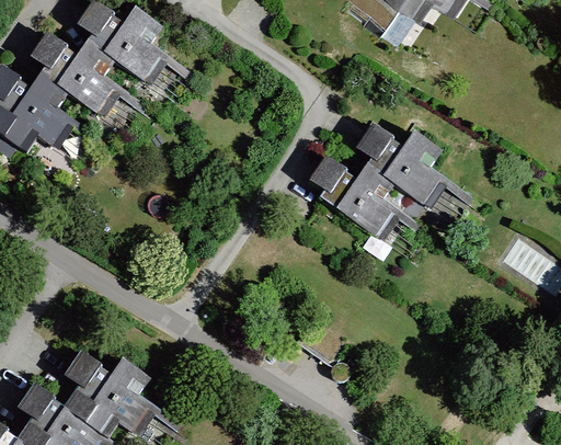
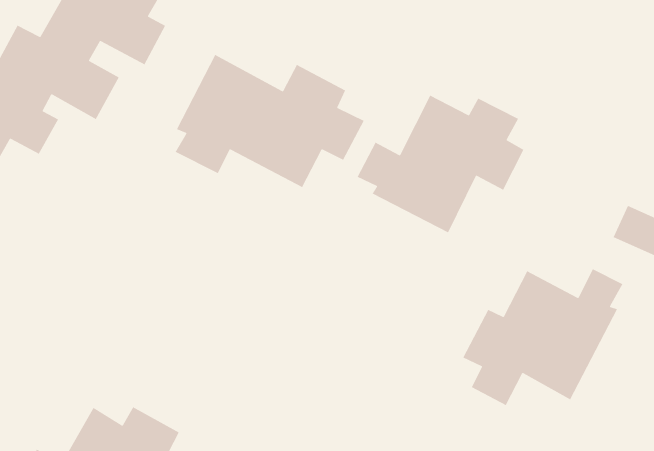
building: none -> [175,54,365,188]
building: none -> [462,268,624,406]

